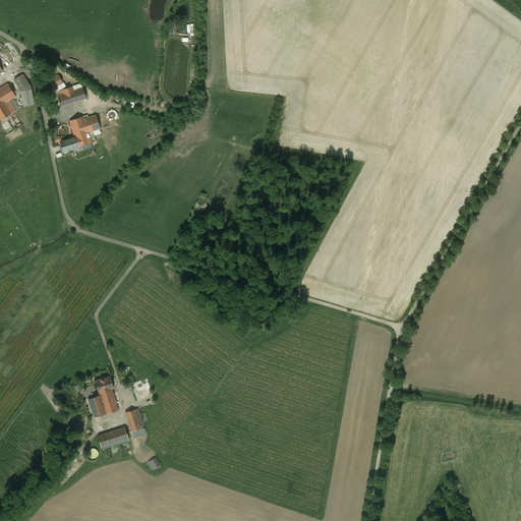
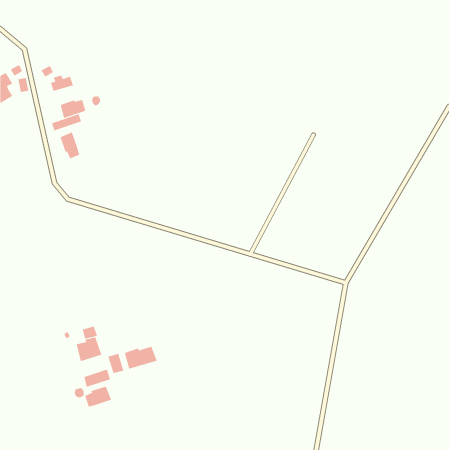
building: none -> [60,131,80,159]
building: none -> [124,346,158,370]
building: none -> [85,386,112,407]

